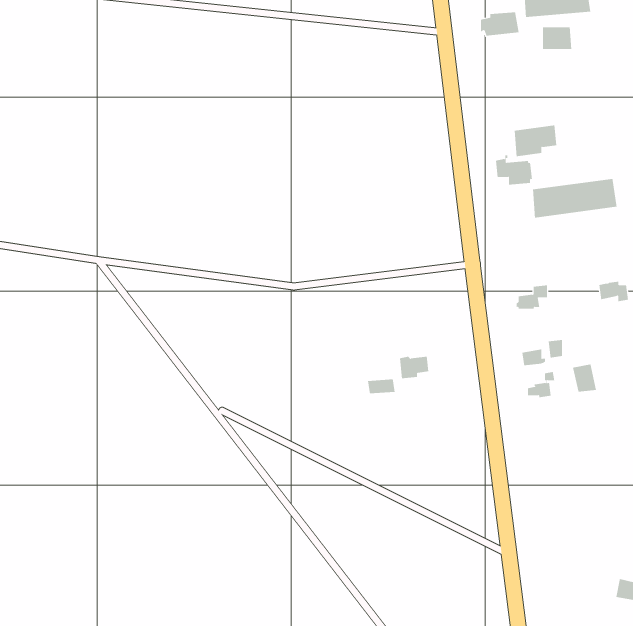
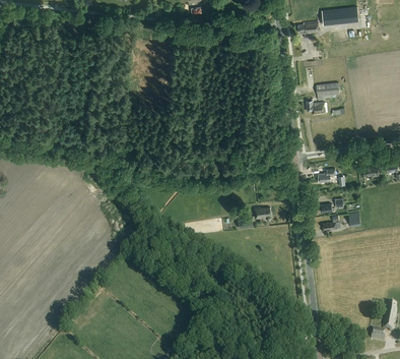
building: [532,178,617,218] -> none

